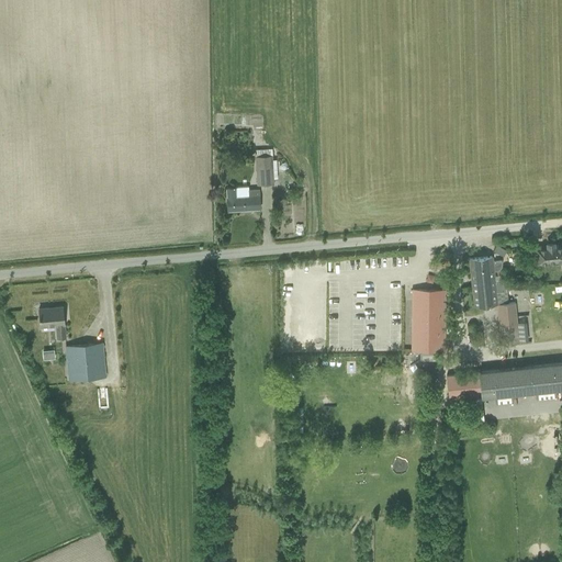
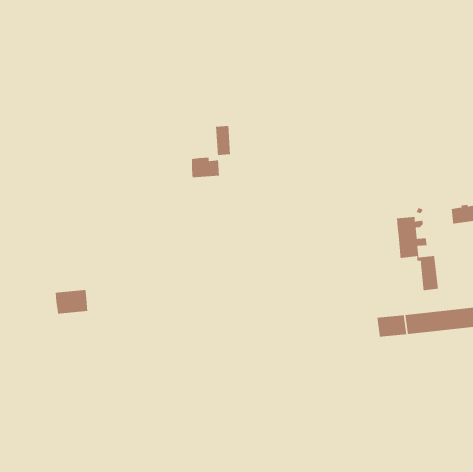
building: [413,292,446,353] -> none
building: [40,308,66,340] -> none

